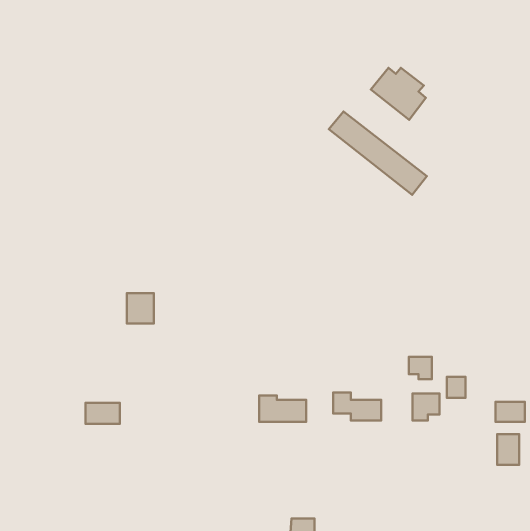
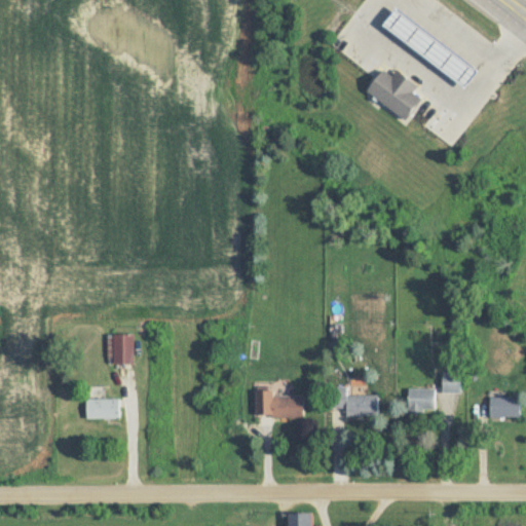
building: [329,111,427,195] -> [380,6,477,88]
building: [127,293,154,323] -> [106,335,133,365]
building: [409,357,432,379] -> none
building: [497,434,519,465] -> none

